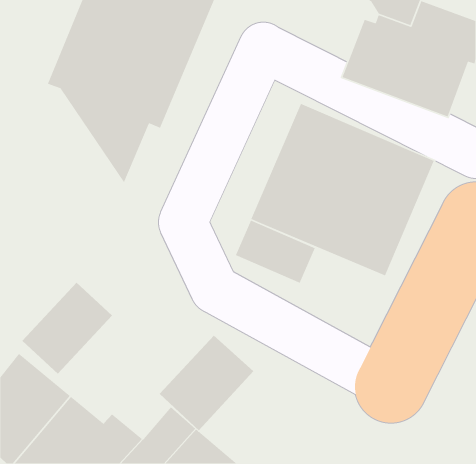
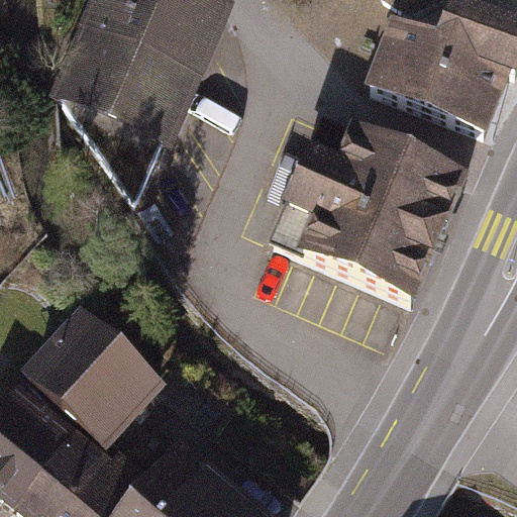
building: [235,220,316,284] -> none
building: [159,335,254,431] -> [63,341,166,445]

